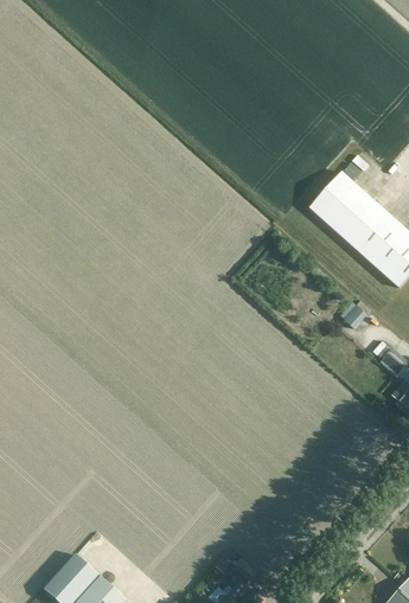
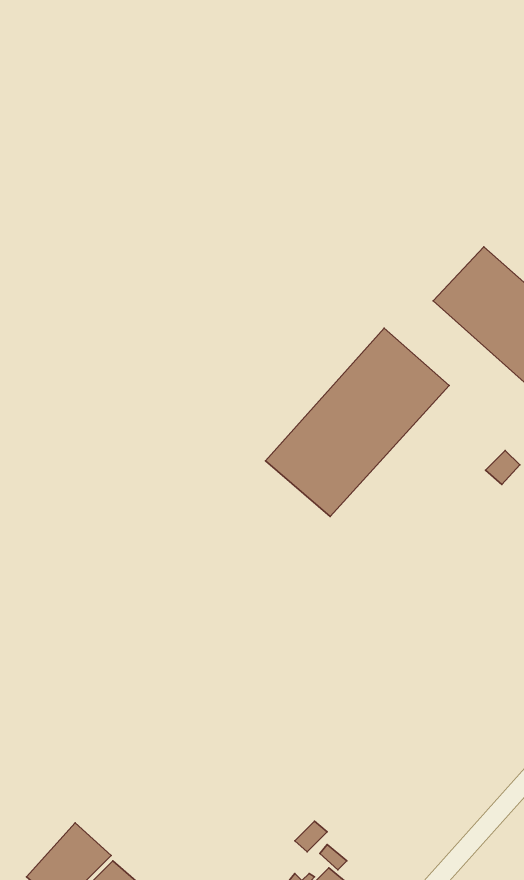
building: none -> [266,328,449,516]

